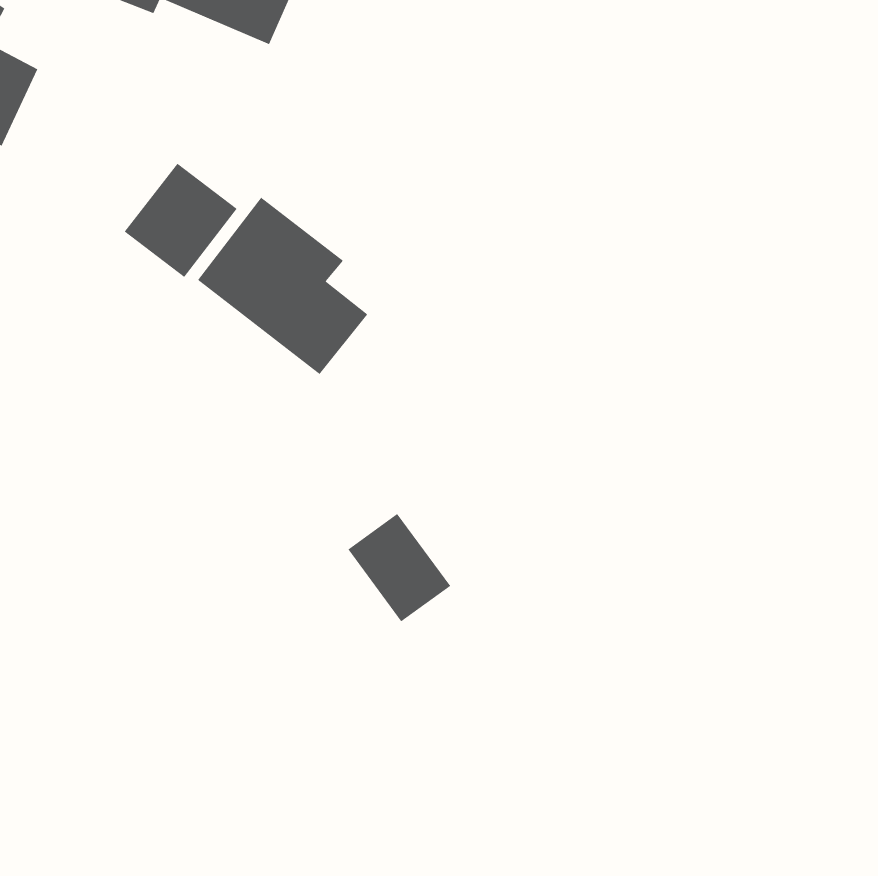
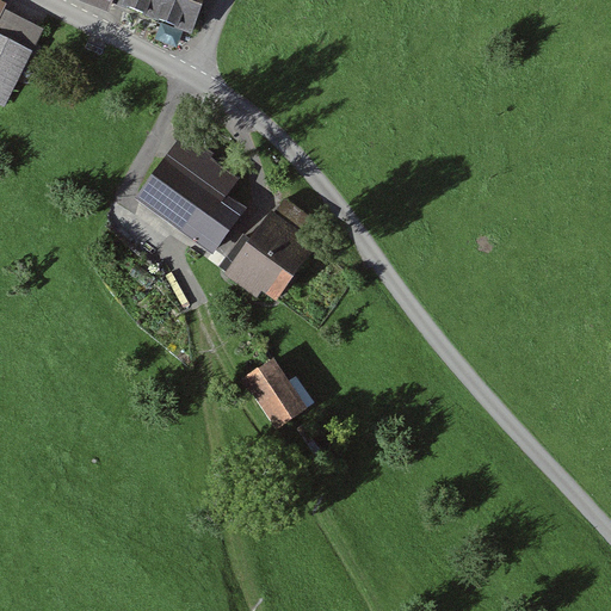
building: [124,163,238,278] -> none
building: none -> [224,215,311,307]

